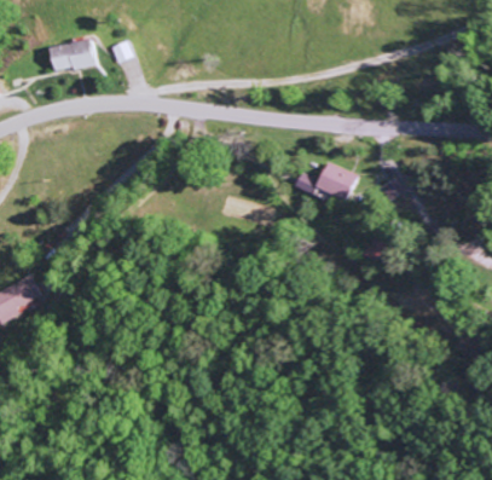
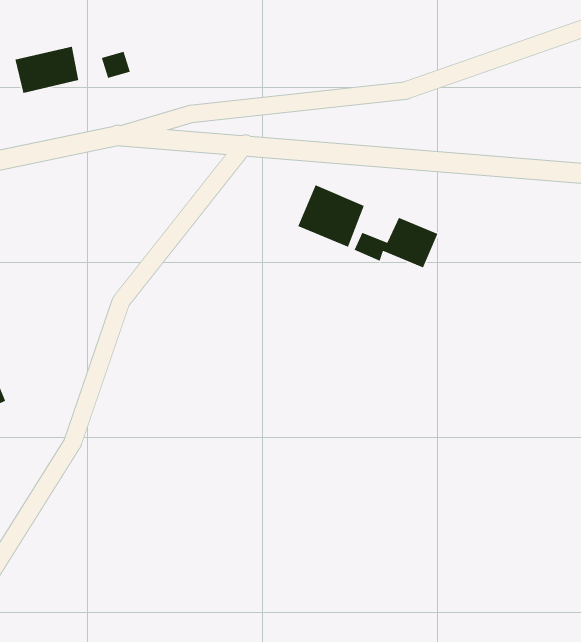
building: none -> [297,184,365,248]

